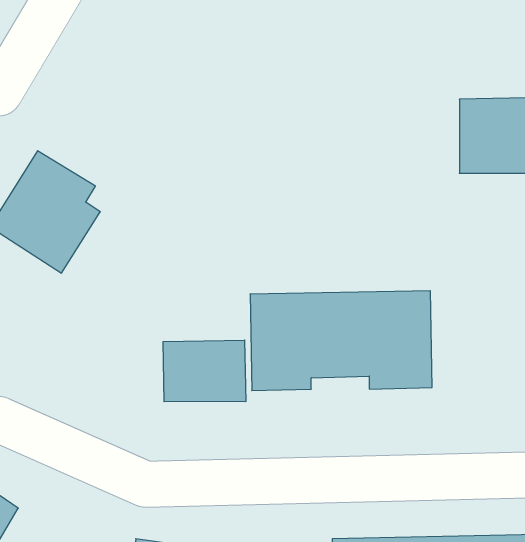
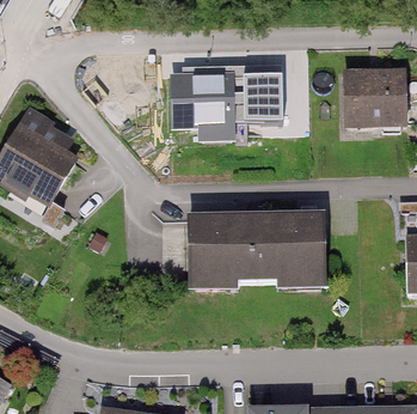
building: none -> [173,66,283,135]
building: [163,340,246,402] -> none

